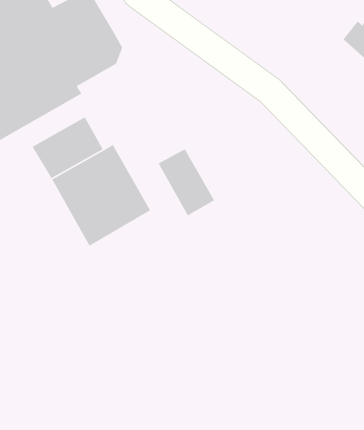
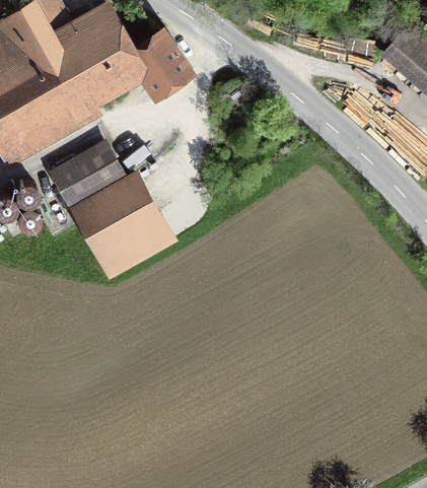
building: none -> [135,25,197,101]
building: [157,148,215,216] -> none

